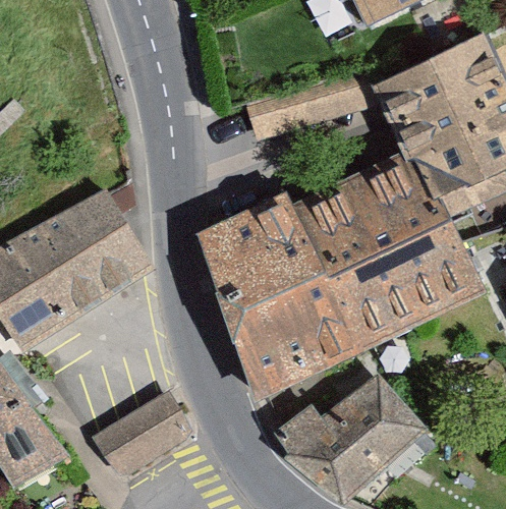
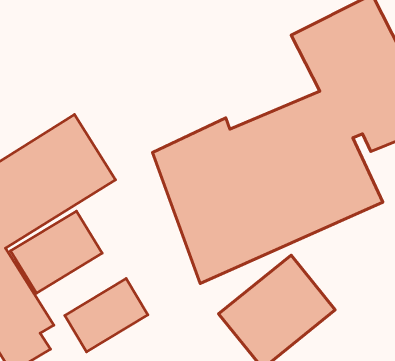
building: none -> [11,211,102,293]

